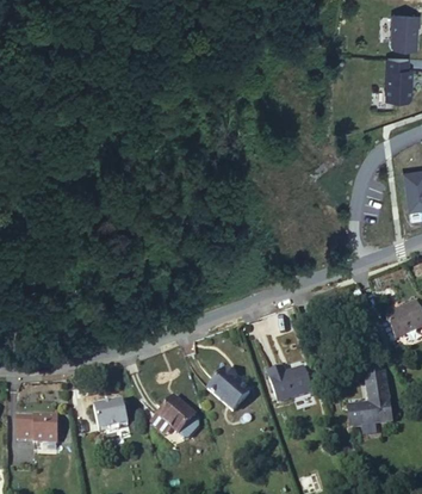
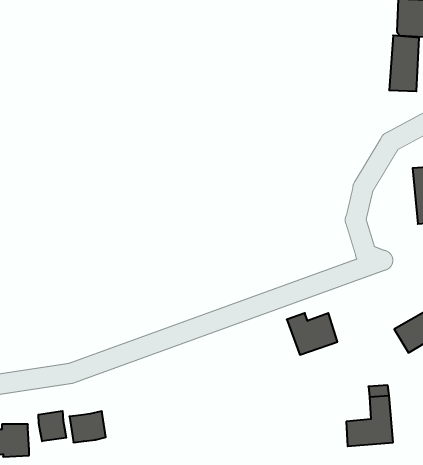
building: [205,364,249,410] -> none
building: [265,365,311,403] -> [287,313,337,355]
building: [155,394,194,434] -> none
building: none -> [38,411,66,441]

